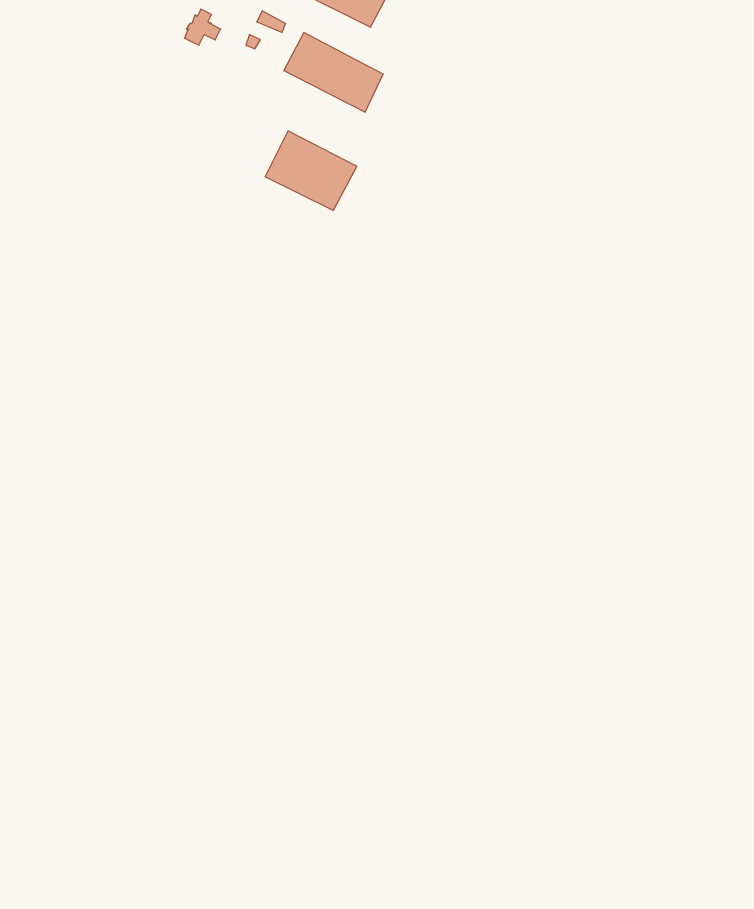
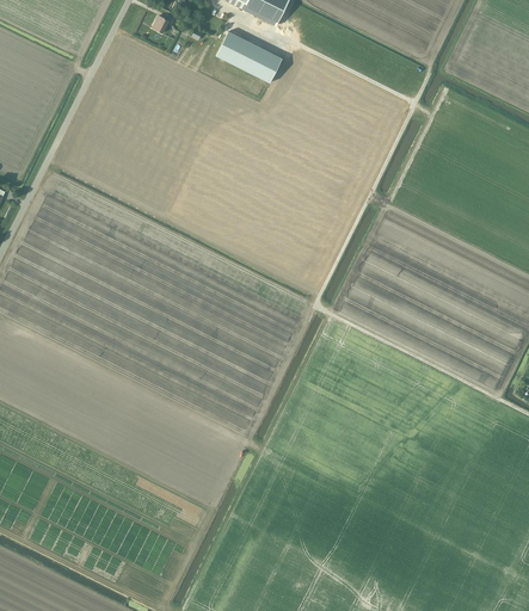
building: [265,131,357,211] -> none

